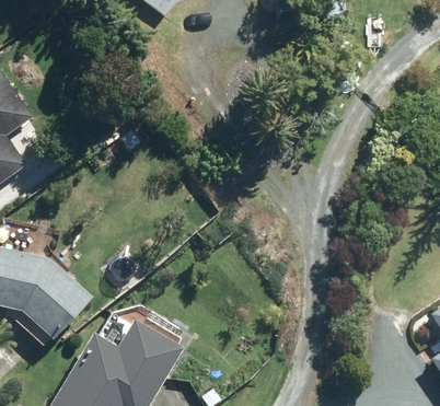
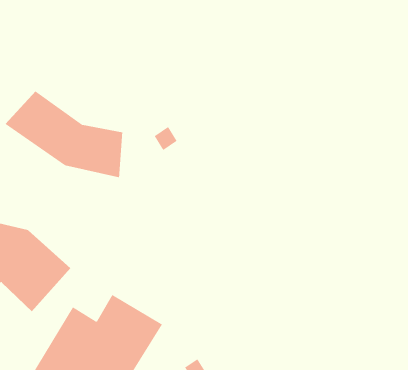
building: none -> [5,90,123,178]

